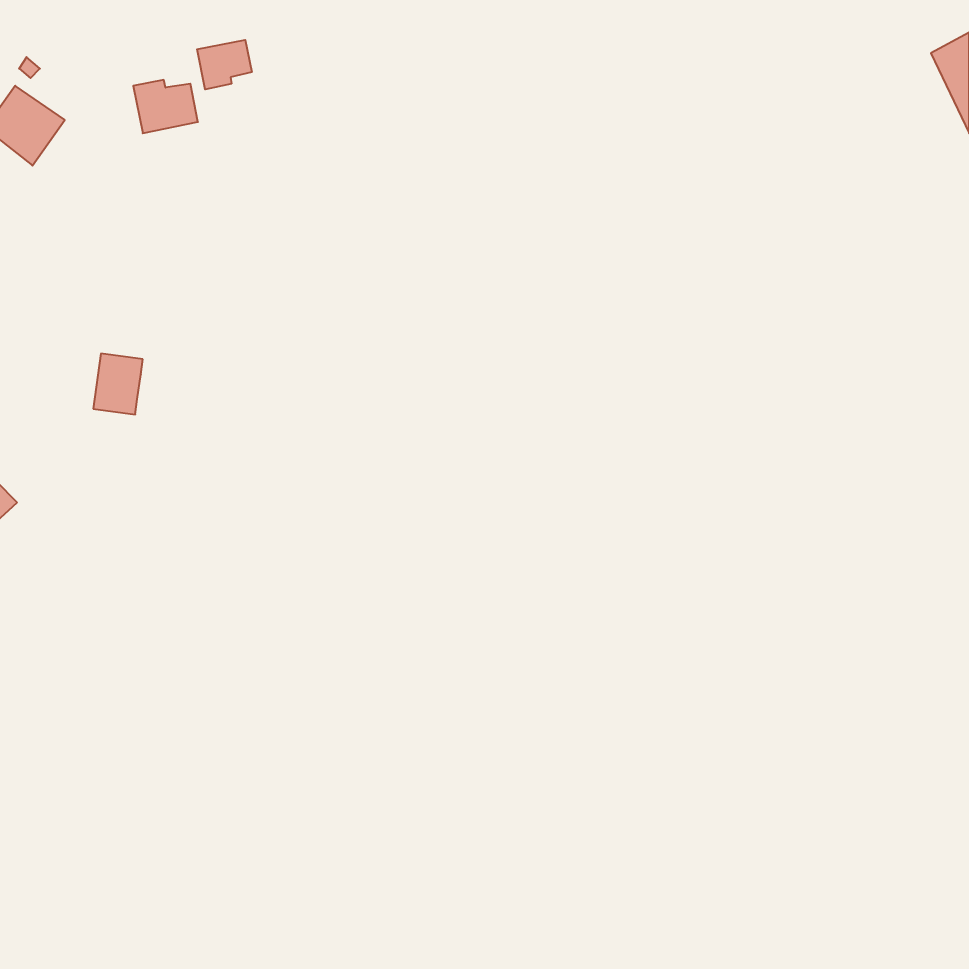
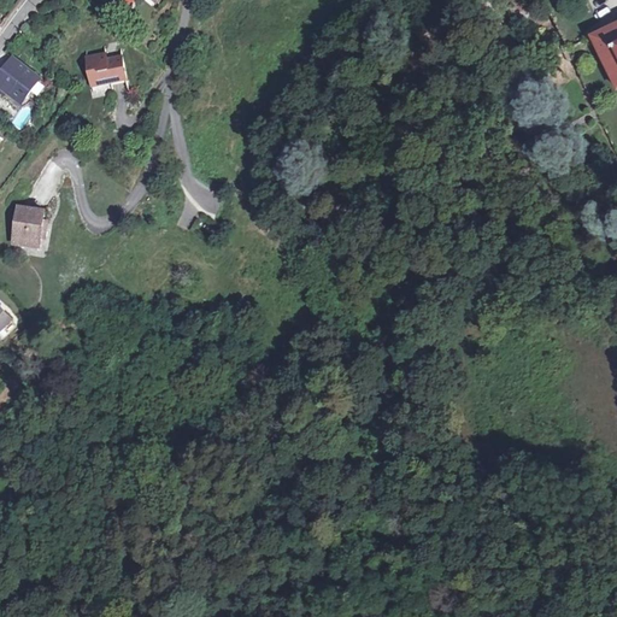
building: [197,40,252,89] -> none
building: [93,354,143,414] -> [12,206,43,245]

